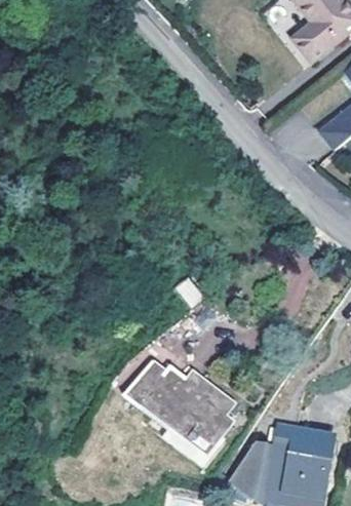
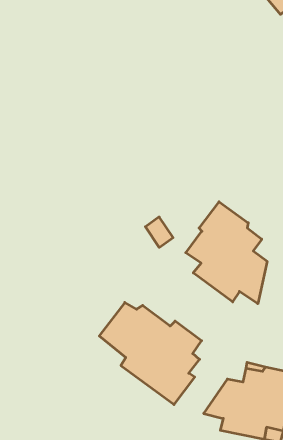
building: none -> [186,202,267,304]

